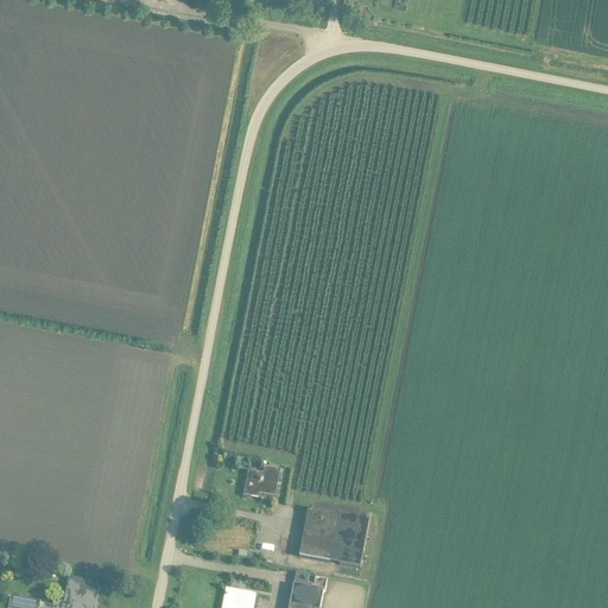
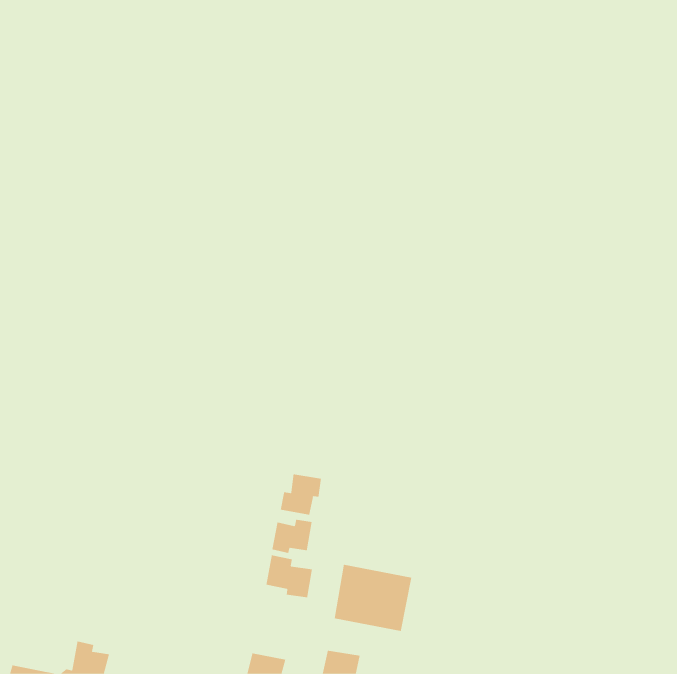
building: none -> [280,473,321,515]
building: none -> [266,554,313,598]

